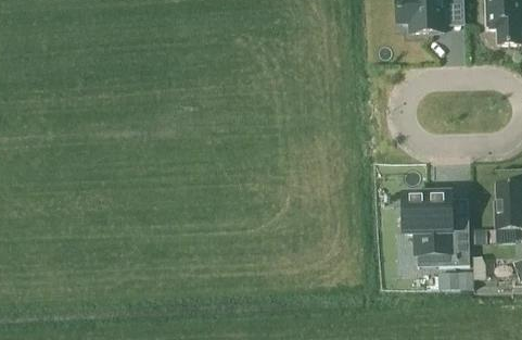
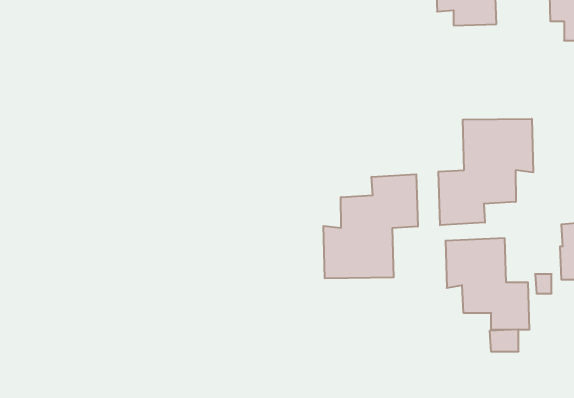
building: none -> [438,119,533,225]
building: none -> [323,174,418,278]

